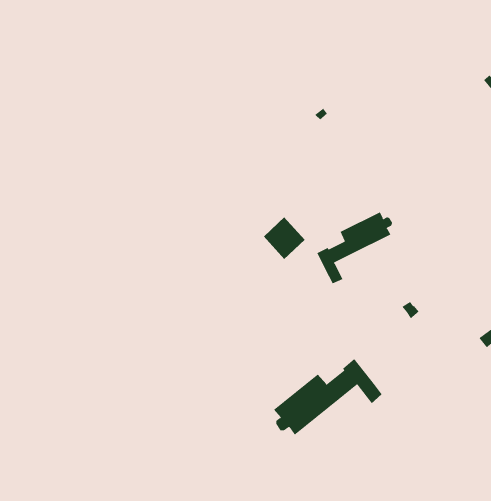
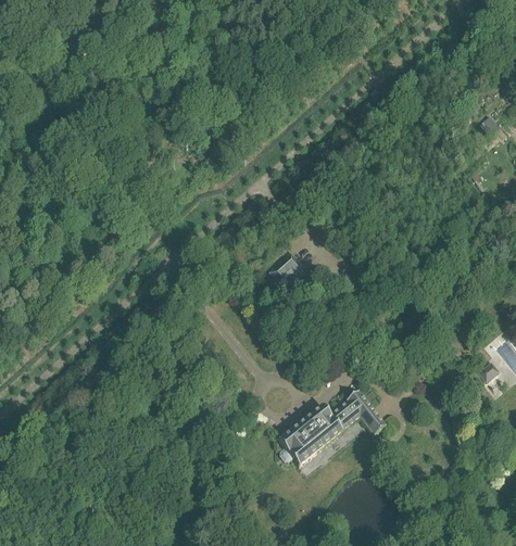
building: [317,211,393,284] -> none

